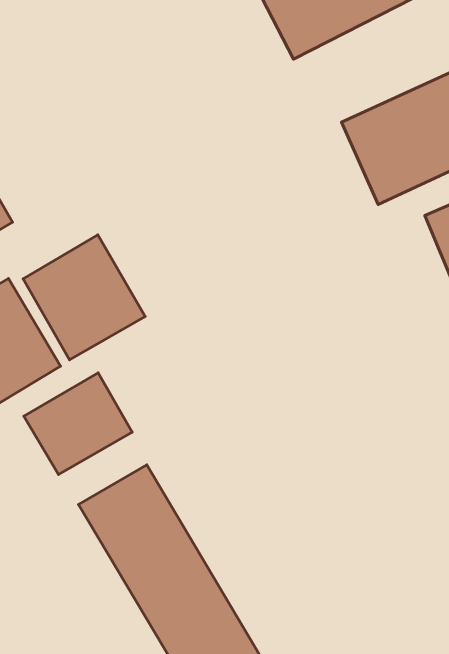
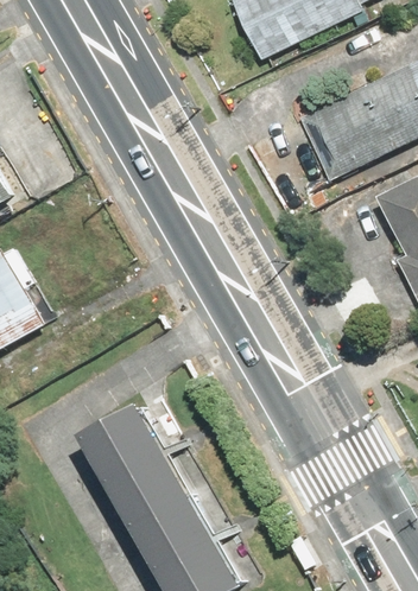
building: [23,235,145,360] -> none
building: [24,373,132,475] -> none

